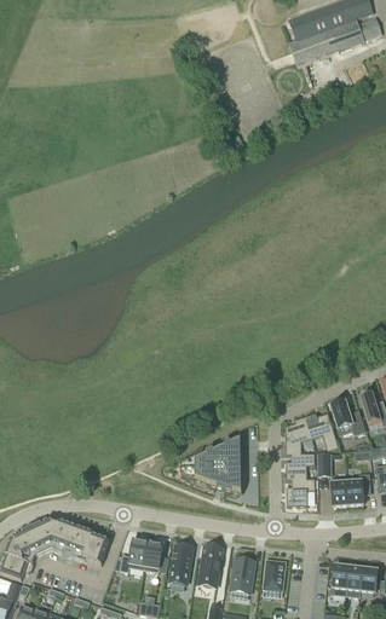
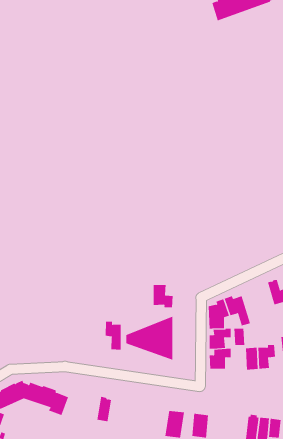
building: none -> [153,284,173,308]
building: [330,399,365,434] -> none
building: none -> [105,321,121,350]
building: [120,538,149,572] -> none
building: [200,545,223,584] -> none
building: [169,546,192,584] -> none

